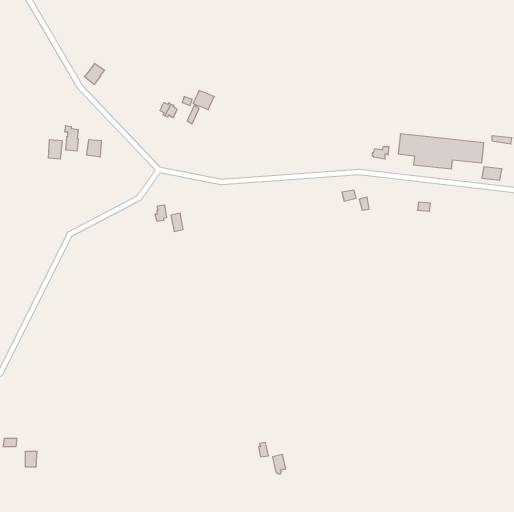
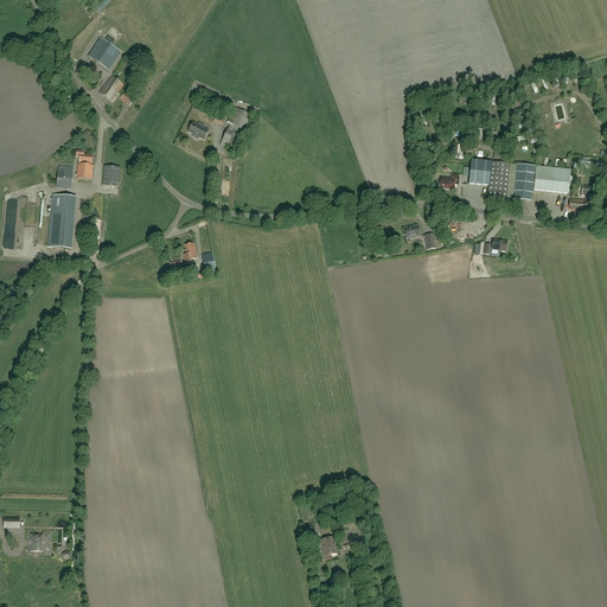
building: none -> [88,36,121,69]
building: none -> [49,193,76,248]

